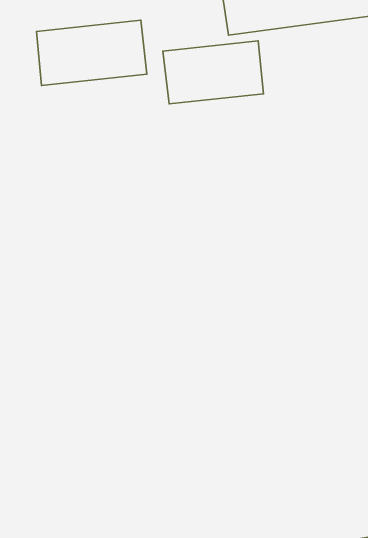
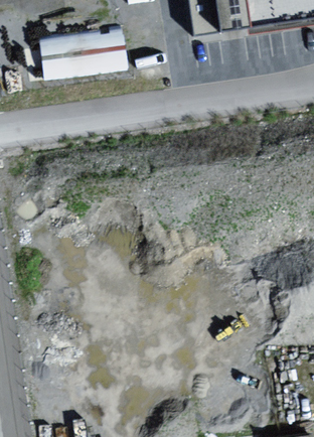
building: [163,41,263,104] -> none

